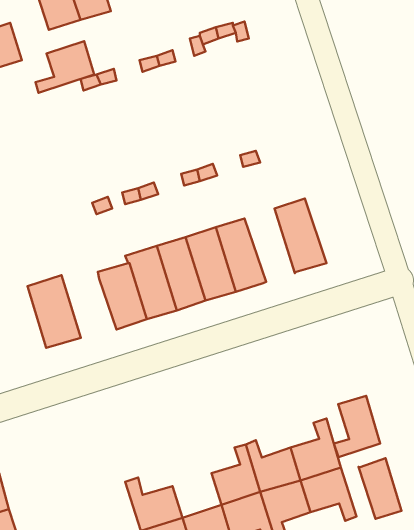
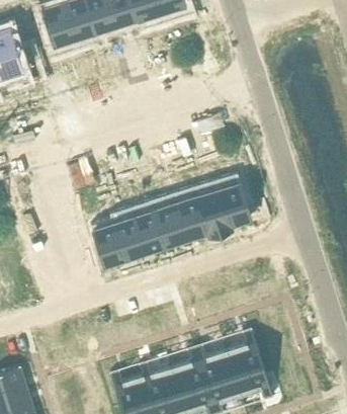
building: [36,41,94,93] -> none
building: none -> [194,179,232,235]
building: [28,275,81,348] -> none
building: [334,396,380,457] -> none
building: [359,458,401,519] -> none
building: none -> [140,360,178,397]

